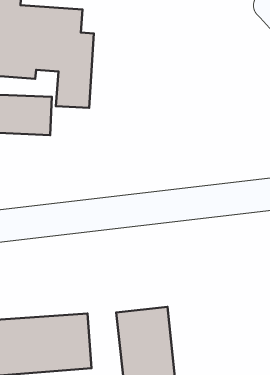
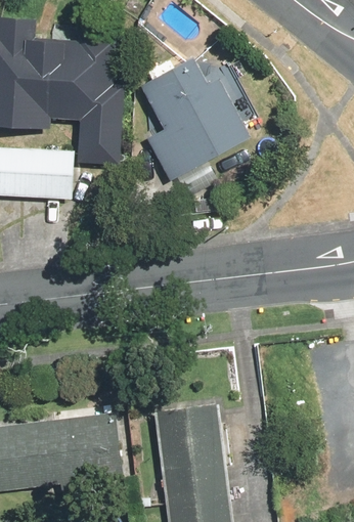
building: none -> [139,51,251,185]

